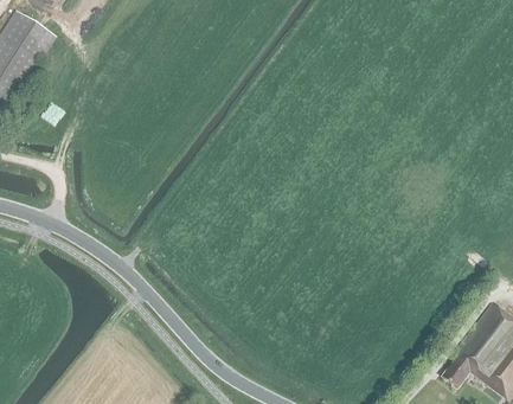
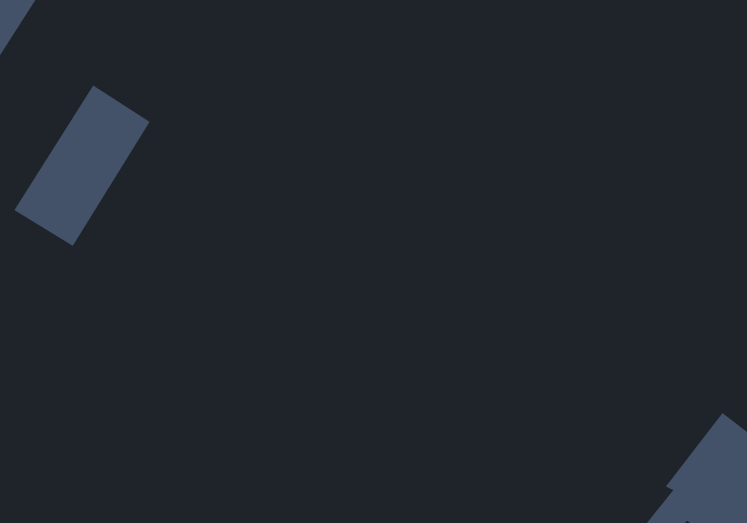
building: none -> [14,84,151,247]

